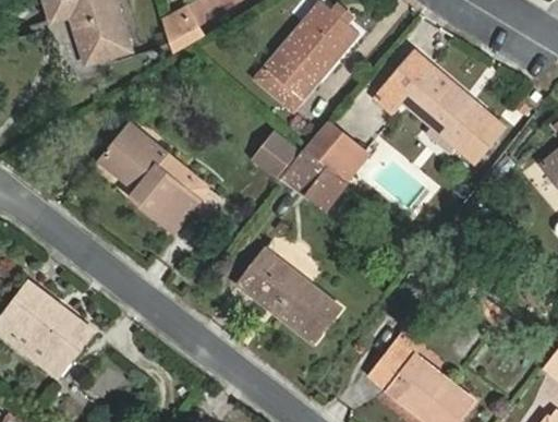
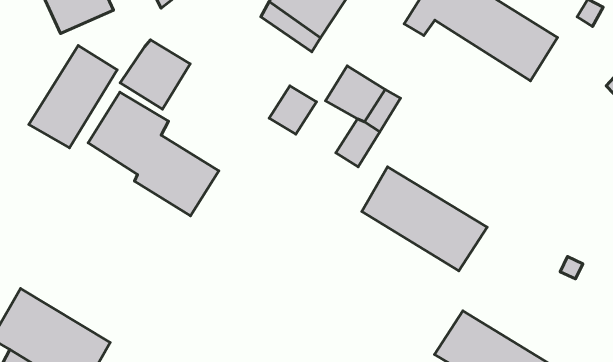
building: none -> [29,46,117,148]
building: none -> [120,40,190,109]
building: [281,150,327,195] -> none
building: [239,250,342,345] -> [362,167,487,271]

